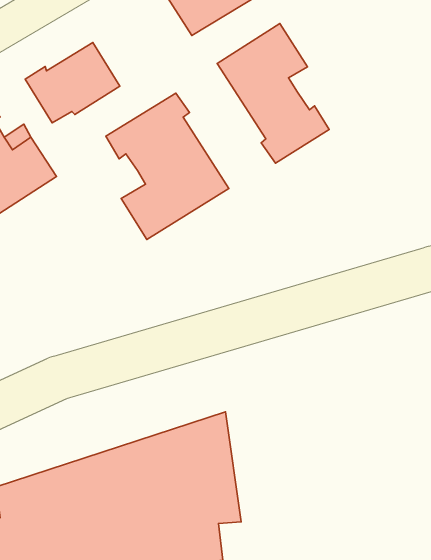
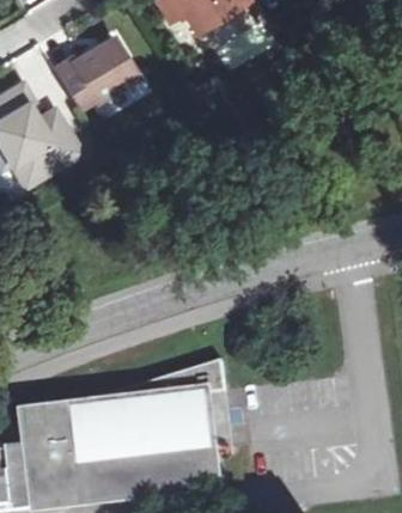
building: [217,23,329,163] -> none
building: [106,93,229,240] -> none

